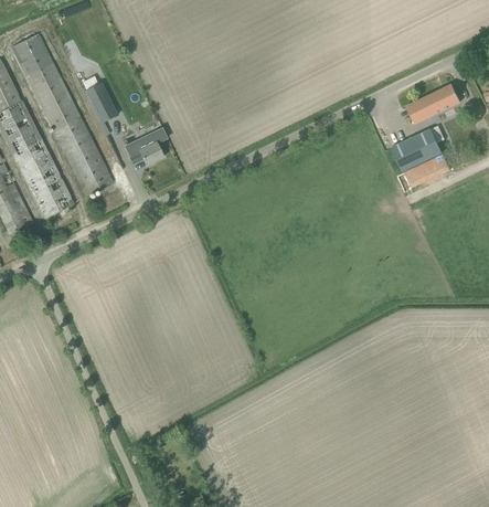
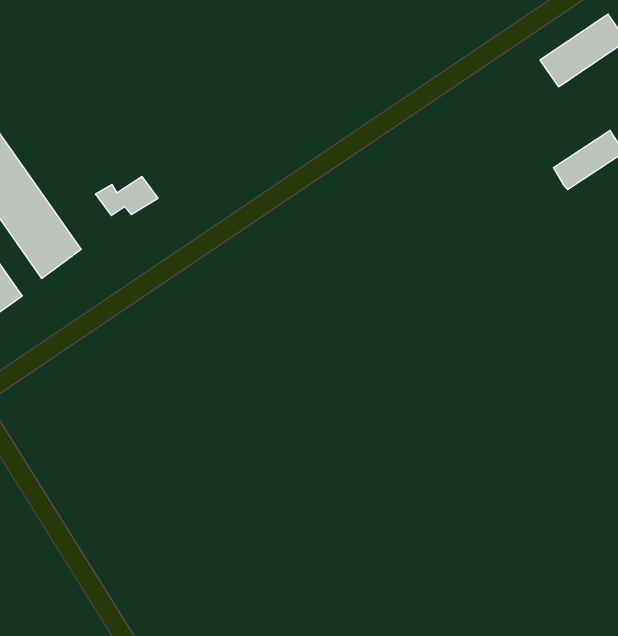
building: [85,84,118,125] -> none
building: [392,127,442,170] -> none

